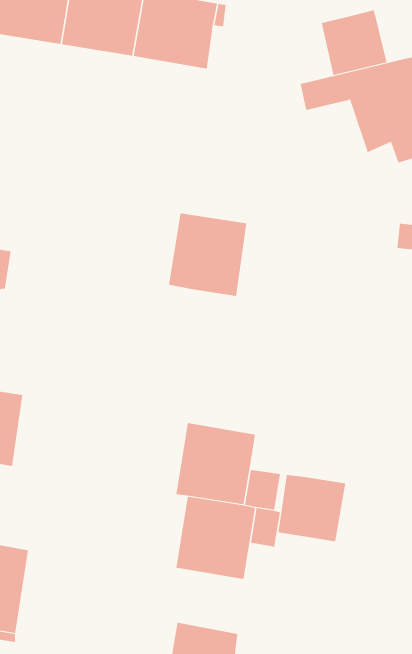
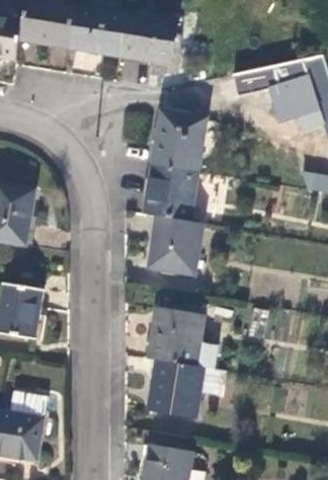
building: [321,10,387,76] -> none
building: none -> [151,111,206,171]
building: none -> [150,217,202,275]
building: [278,474,346,542] -> none

